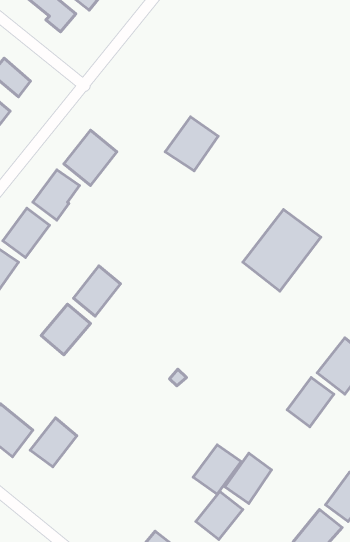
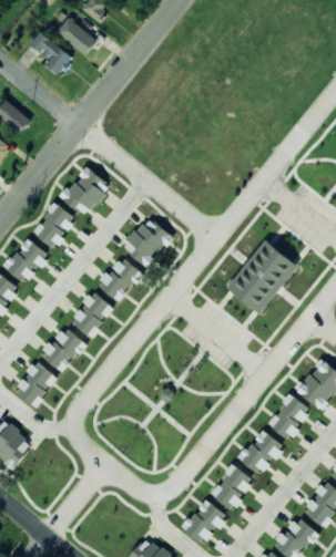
building: [165,117,218,171] -> [122,217,171,267]
building: none -> [98,256,142,302]
building: [30,418,77,467] -> [13,361,57,406]
building: [193,445,241,494] -> [238,430,283,475]

